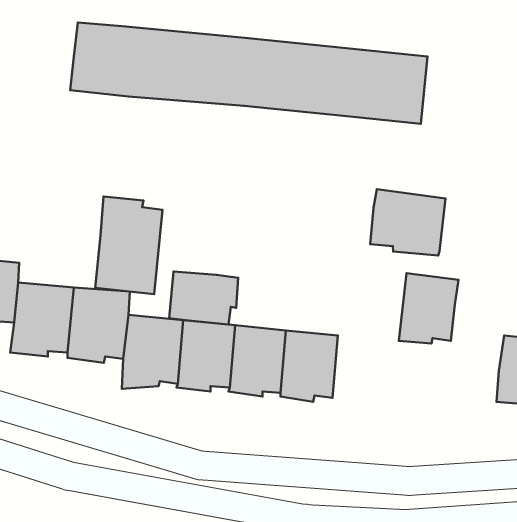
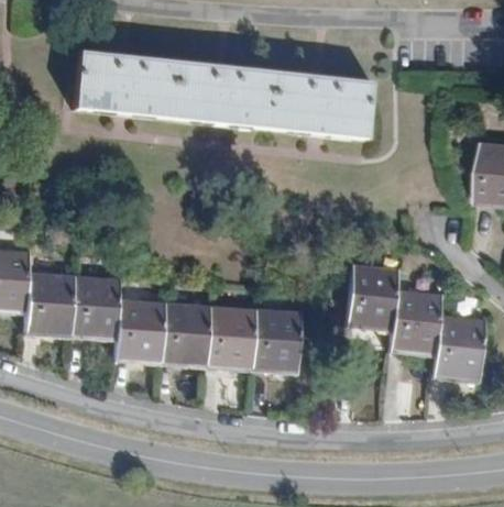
building: [370,189,446,255] -> none
building: [95,197,163,294] -> none
building: [169,272,238,325] -> none
building: none -> [392,290,442,349]

